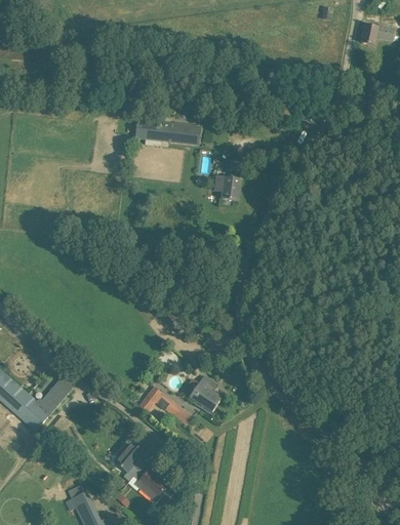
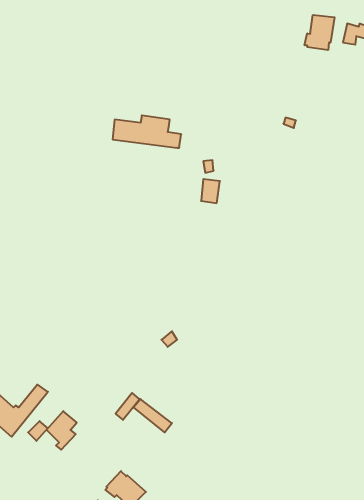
building: none -> [305,15,335,50]
building: [188,374,221,413] -> none
building: [114,441,144,479] -> [46,411,77,450]

